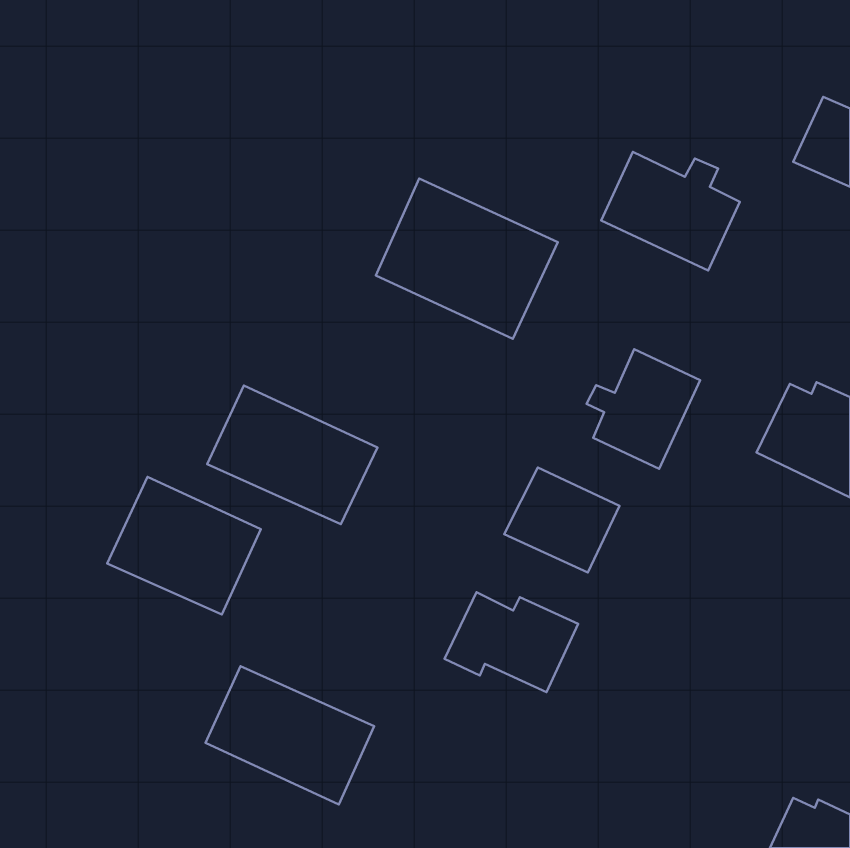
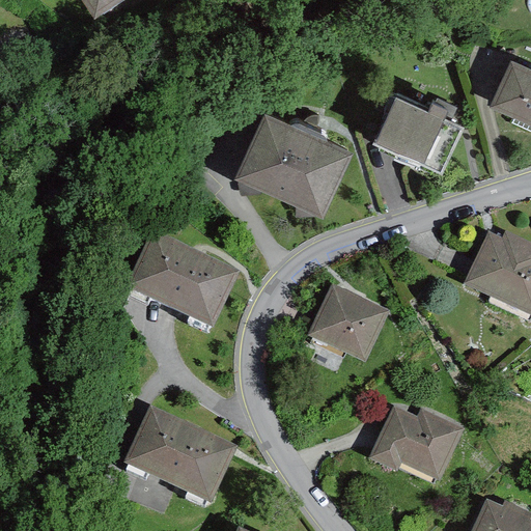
building: [586,349,700,469] -> none
building: [107,477,261,614] -> none
building: [445,592,578,692] -> [375,414,458,476]

